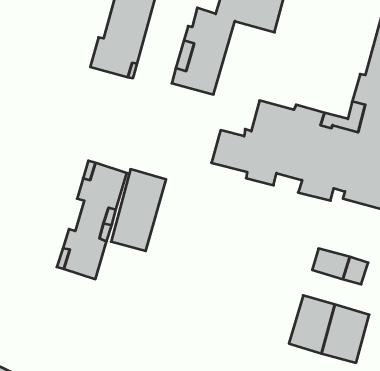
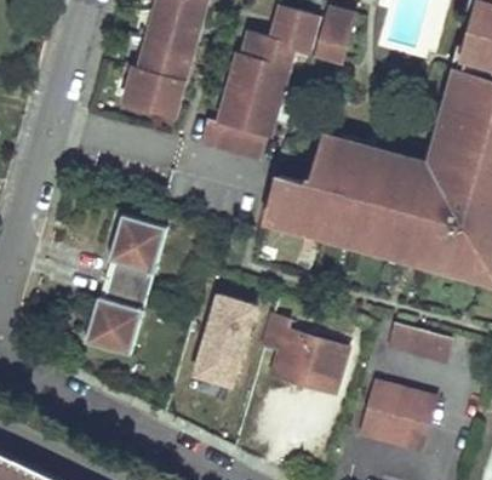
building: none -> [198,120,264,164]
building: [111,169,166,251] -> [193,297,258,394]
building: none -> [265,316,349,393]

